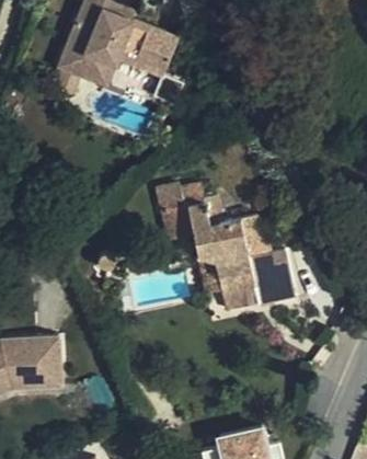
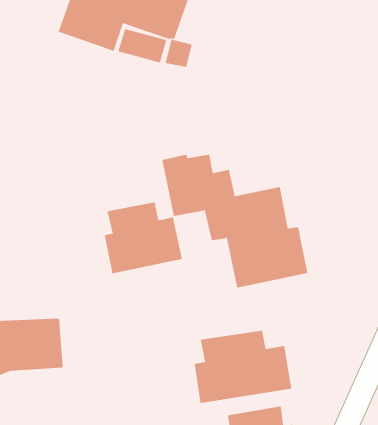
building: none -> [104,202,182,274]
building: none -> [194,330,292,404]

